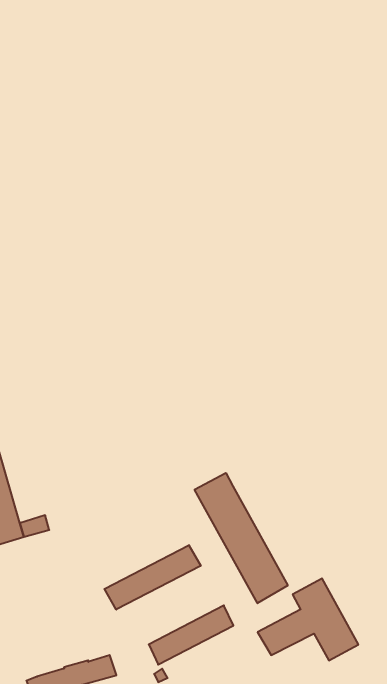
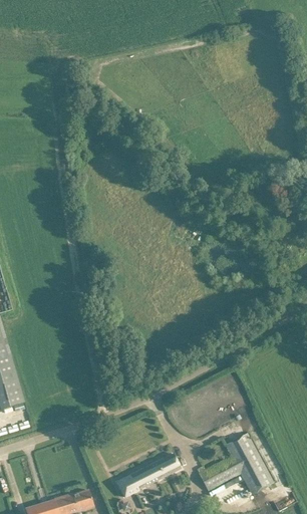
building: [195,473,288,603] -> none
building: [104,545,201,610] -> none

